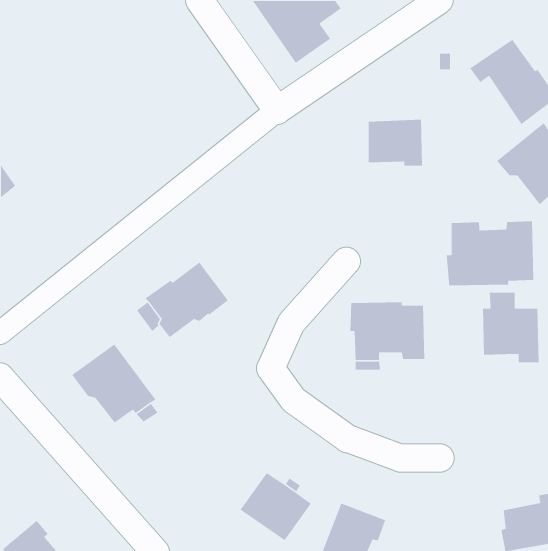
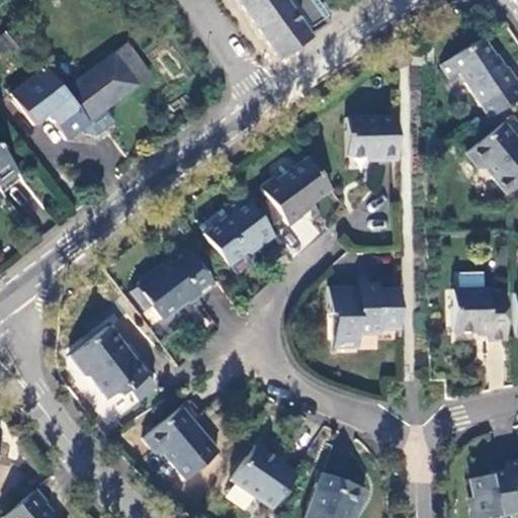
building: none -> [12,44,154,141]
building: none -> [260,158,331,226]
building: none -> [206,193,277,266]
building: [446,221,534,286] -> none
building: none -> [146,401,219,478]

